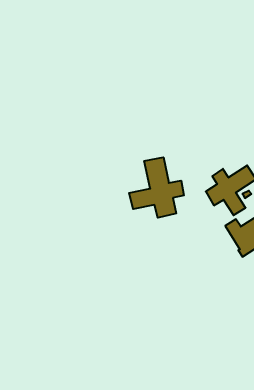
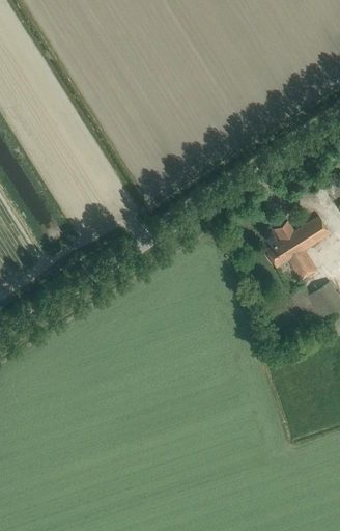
building: [129,157,184,218] -> none

